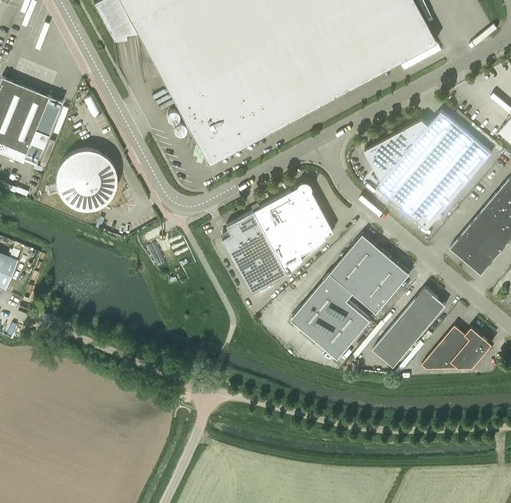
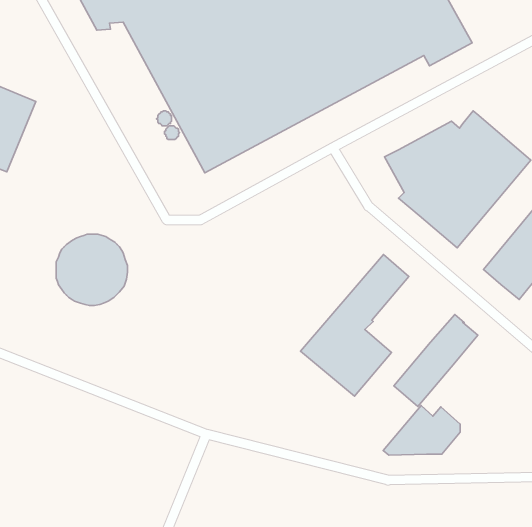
building: [56,149,118,211] -> [56,234,128,306]
building: [222,182,333,293] -> none
building: [354,254,409,312] -> none
building: [422,325,489,368] -> [383,406,460,455]

